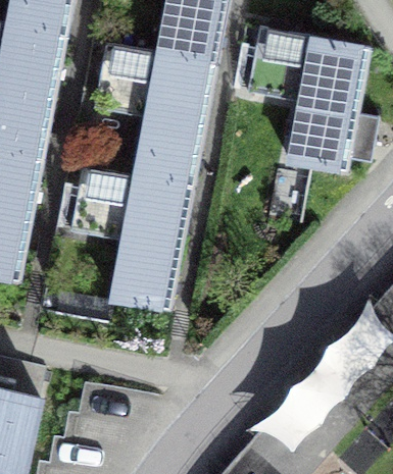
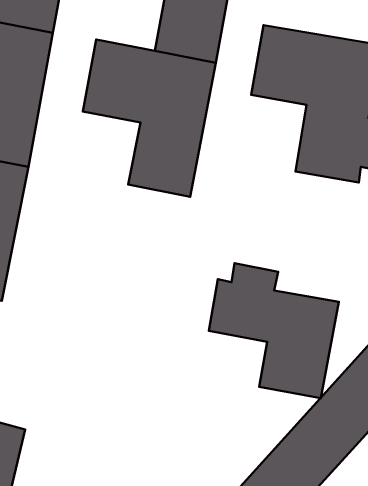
building: [69,166,192,312] -> none
building: none -> [209,263,339,398]

